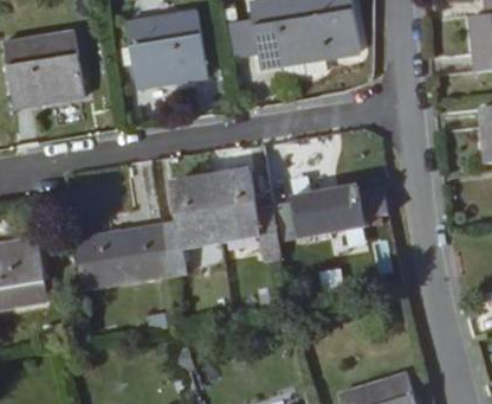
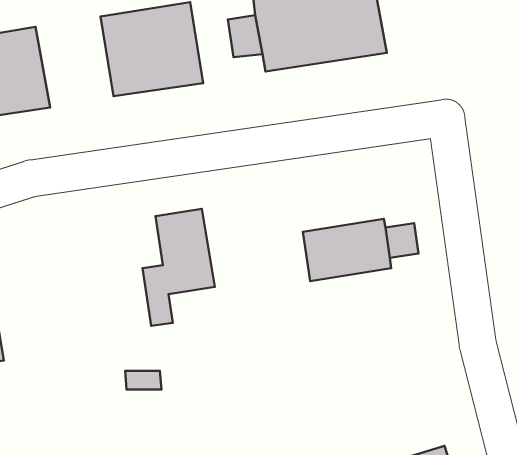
building: [208,171,278,258] -> none
building: [72,226,167,288] -> none

